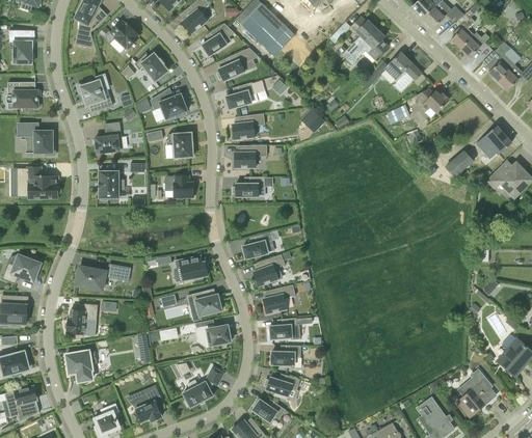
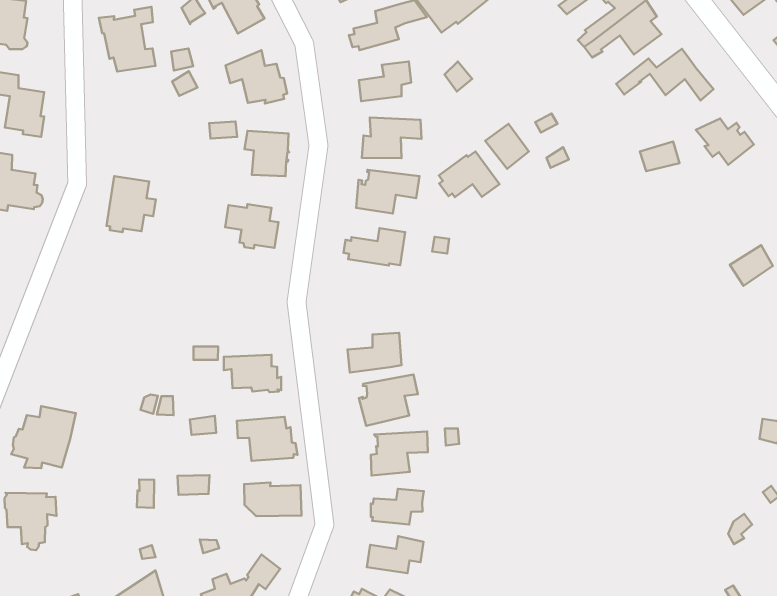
building: [95,121,123,154] -> none
building: none -> [439,151,499,197]
building: [75,264,131,290] -> none

